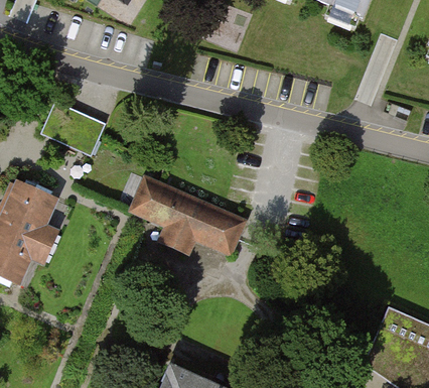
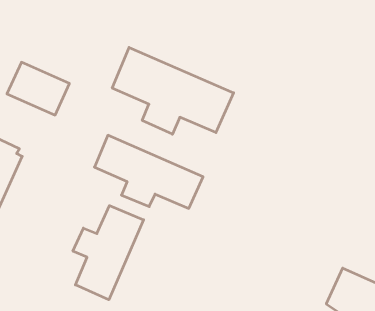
building: none -> [112,47,234,134]
building: none -> [73,206,144,300]

